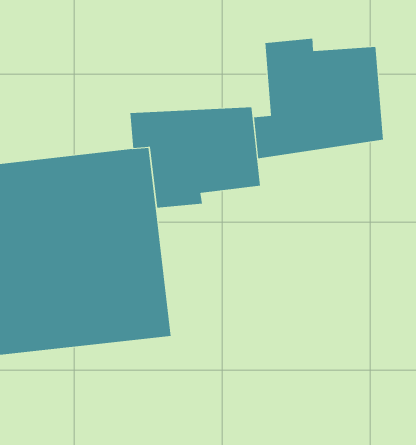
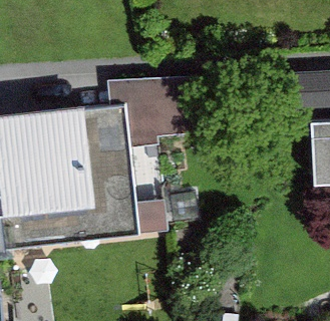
building: [253,38,383,159] -> none

